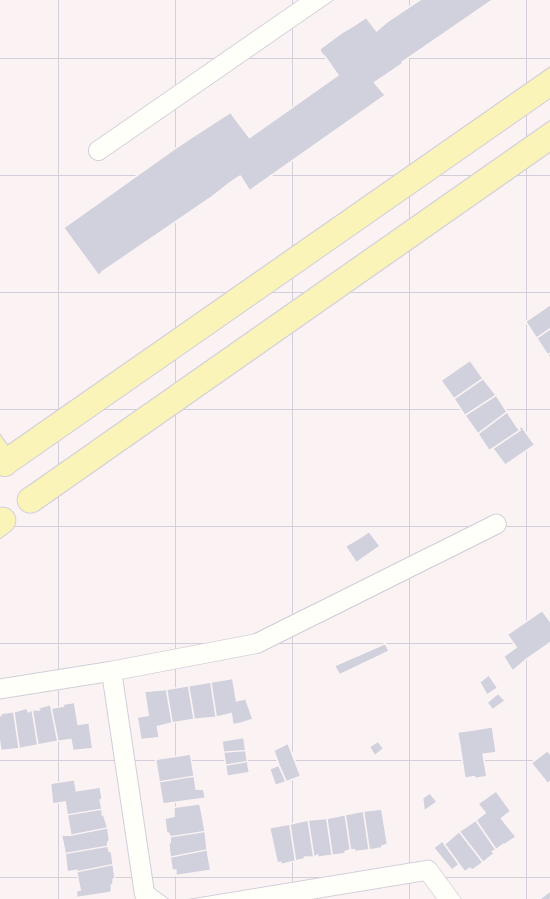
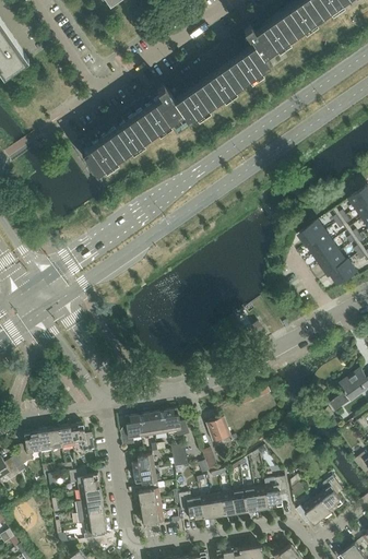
building: none -> [206,418,237,444]
building: [458,727,496,778] -> [265,478,288,509]
building: none -> [179,493,204,523]

